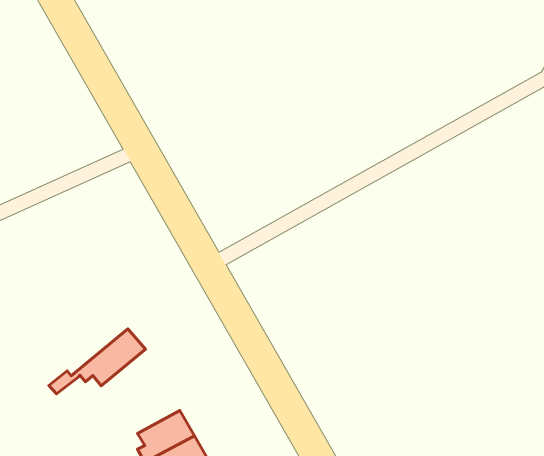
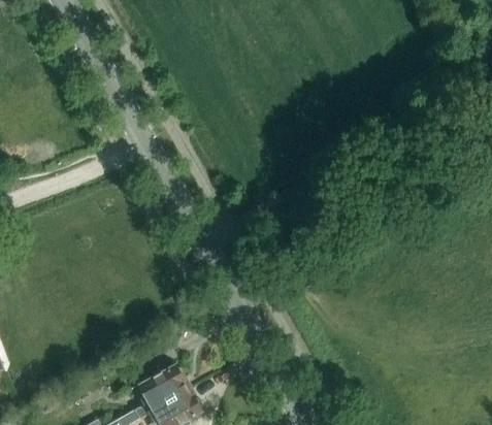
building: [49,329,146,394] -> none

